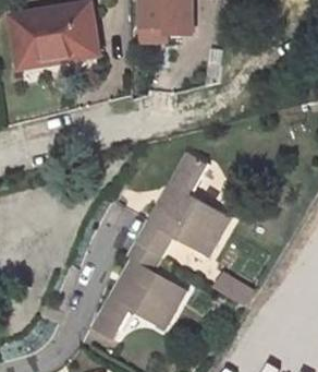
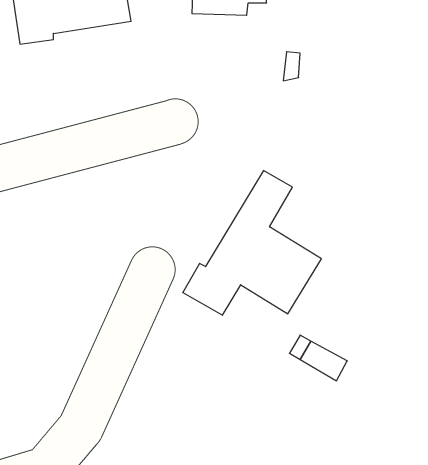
building: [94,240,188,338] -> none

